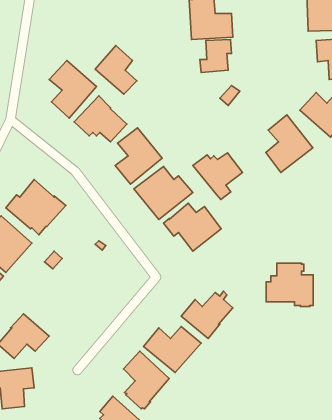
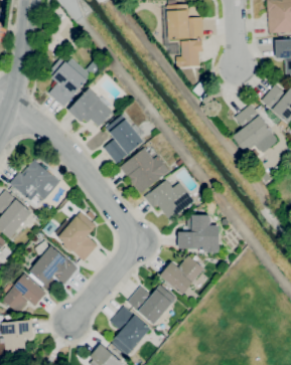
building: [95,46,137,94] -> none
building: [193,153,243,200] -> none
building: none -> [55,211,99,260]
building: [266,263,313,307] -> [179,215,220,252]
building: none -> [28,240,79,287]

